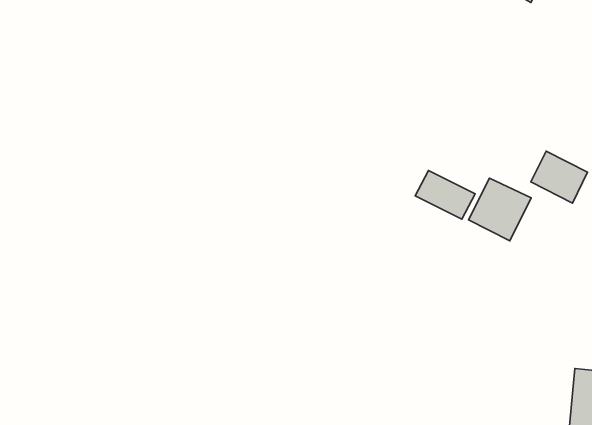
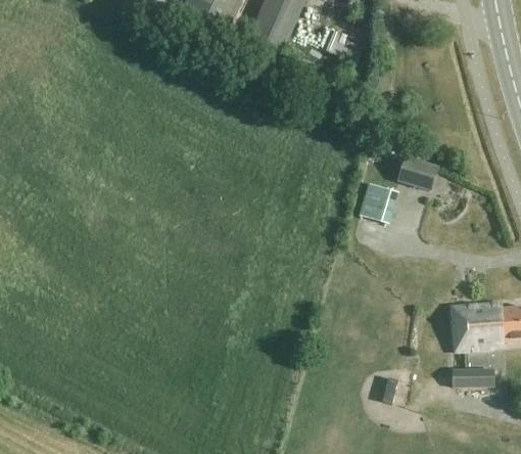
building: [415,170,475,219] -> none

